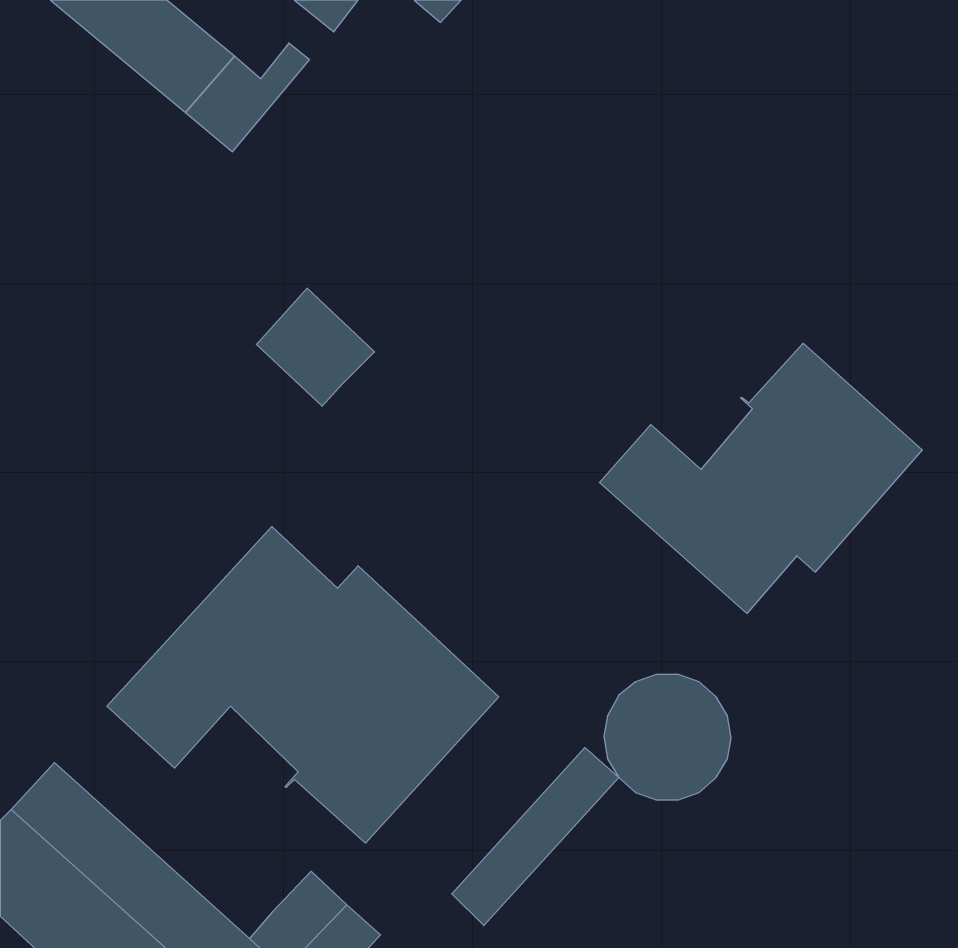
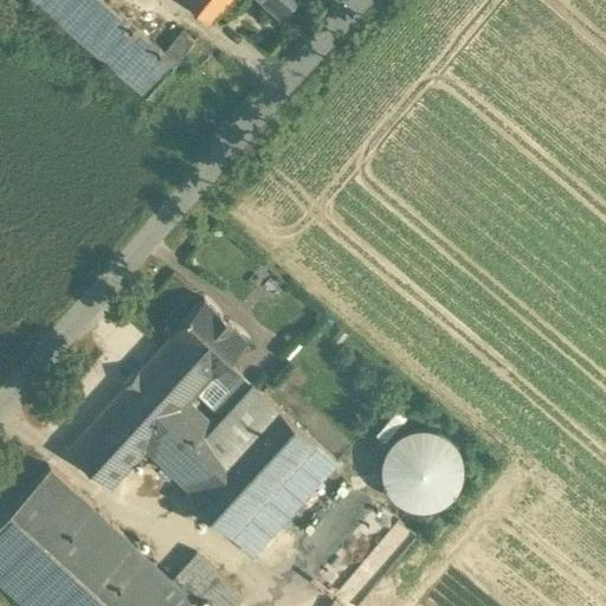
building: [256,288,375,406] -> [172,303,246,378]
building: [599,343,922,613] -> none
building: none -> [34,471,172,599]
building: [452,748,619,926] -> [231,446,336,559]

